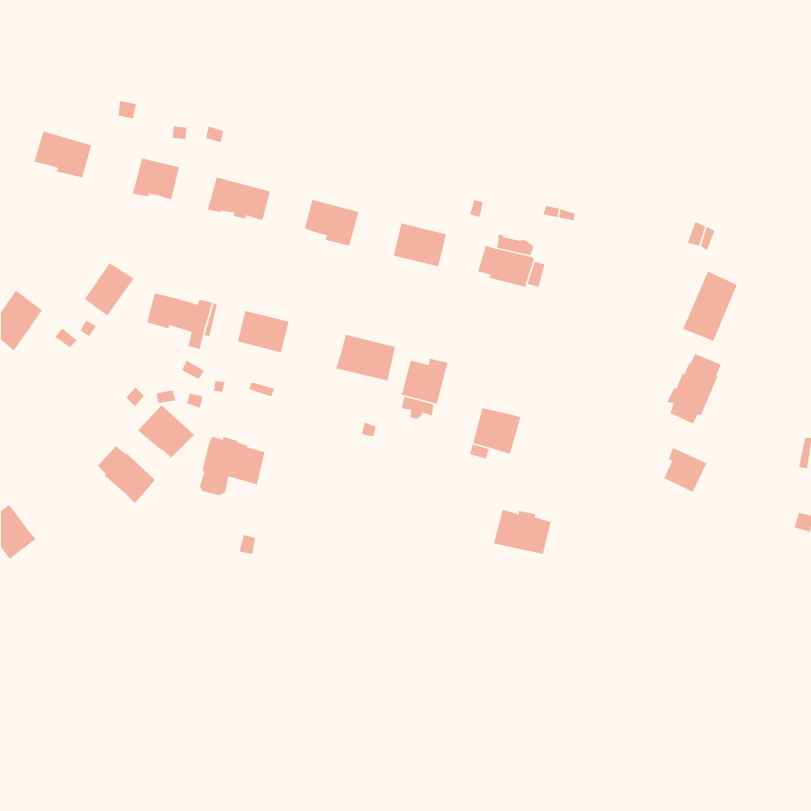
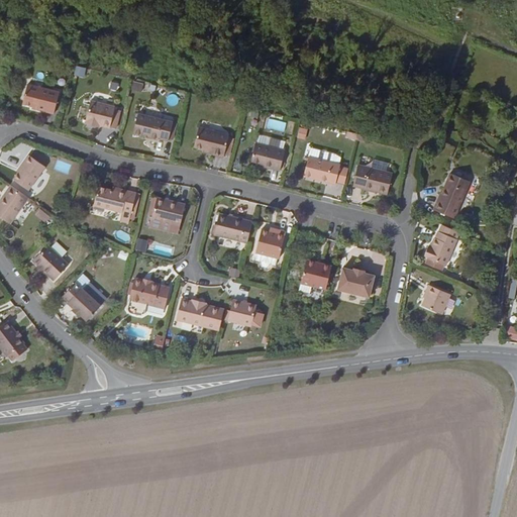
building: none -> [353,164,393,194]
building: [84,263,135,317] -> [13,156,45,190]
building: [138,405,195,459] -> [32,244,69,279]
building: none -> [176,297,224,329]
building: none -> [228,299,256,325]
building: [493,509,552,555] -> [337,267,375,296]

